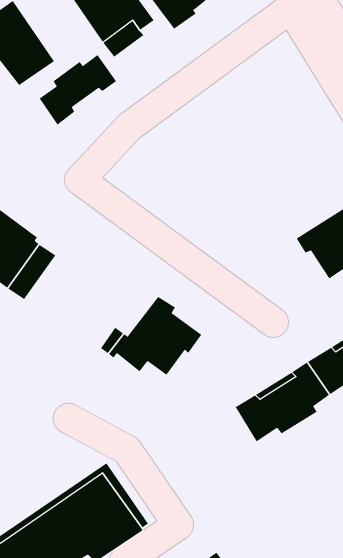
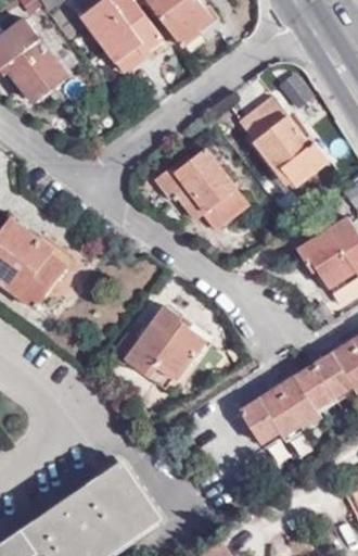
building: [39,54,117,125] -> none
building: none -> [240,98,330,186]
building: none -> [156,149,247,229]

